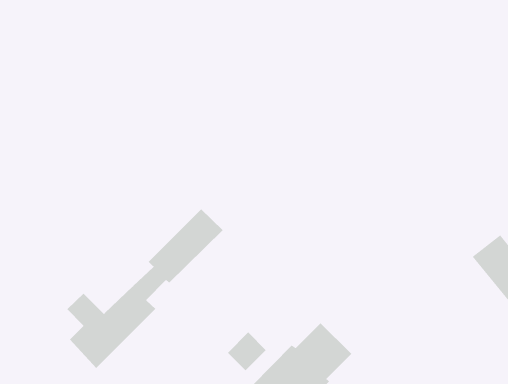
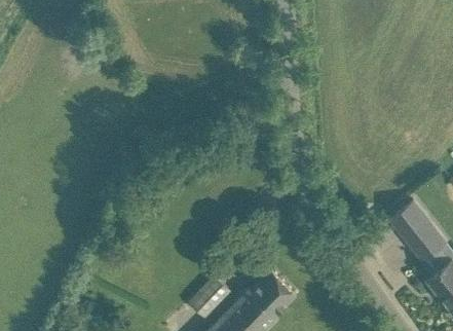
building: [67,208,224,369] -> none

